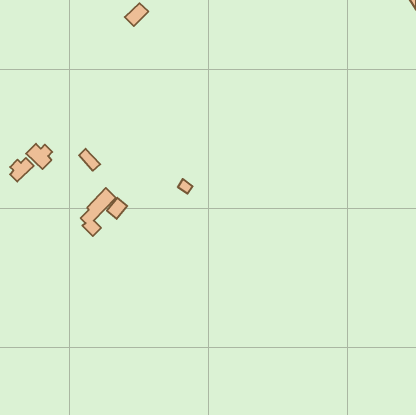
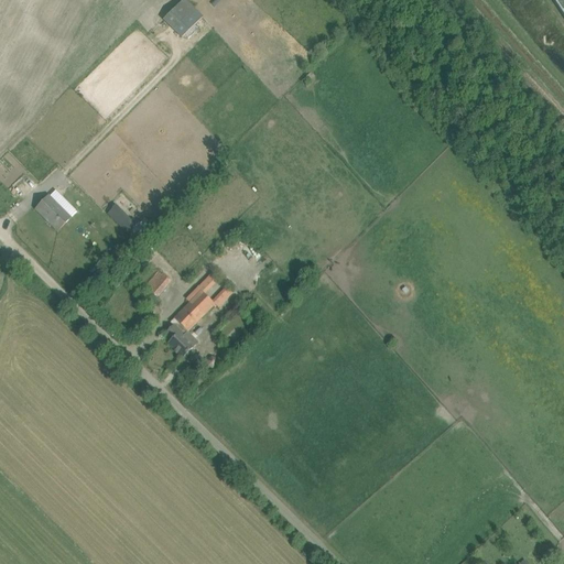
building: [10,158,34,182] -> none
building: [81,188,116,236] -> [165,290,213,355]

